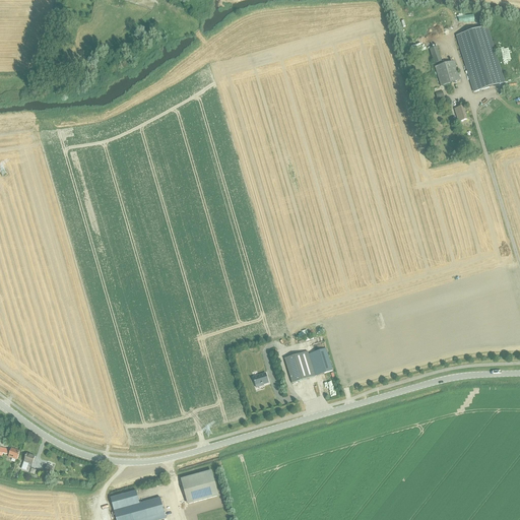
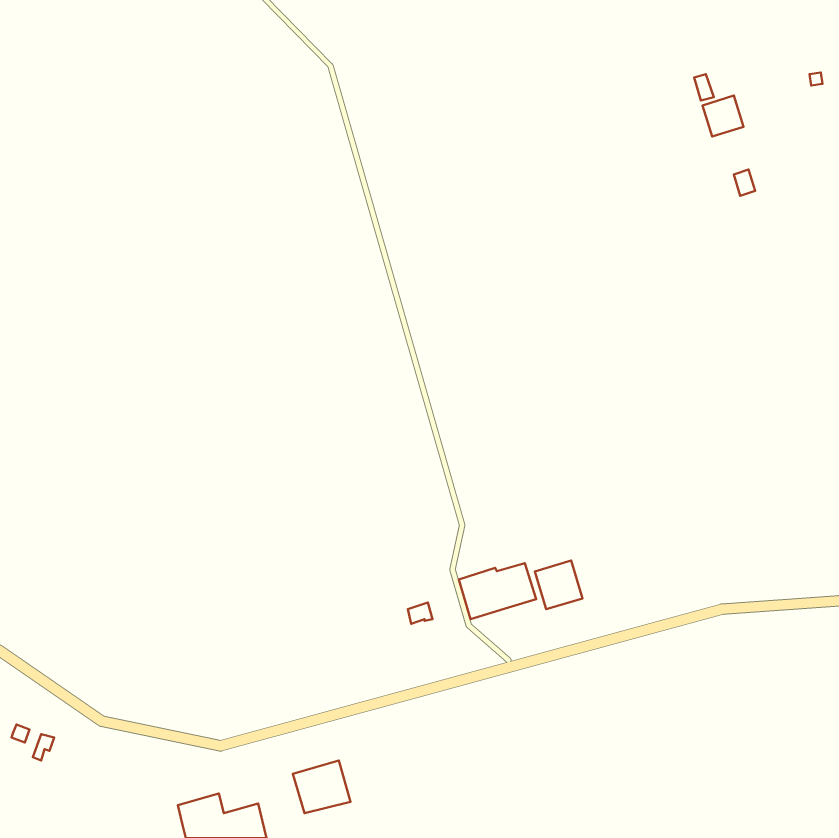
building: [456,25,503,90] -> none
building: none -> [535,561,583,609]

